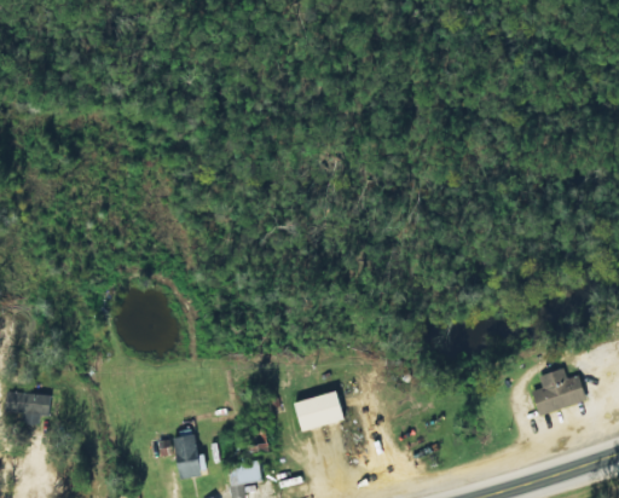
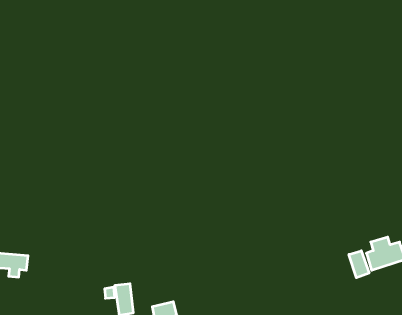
building: none -> [349,251,369,278]
building: [295,390,346,432] -> none

